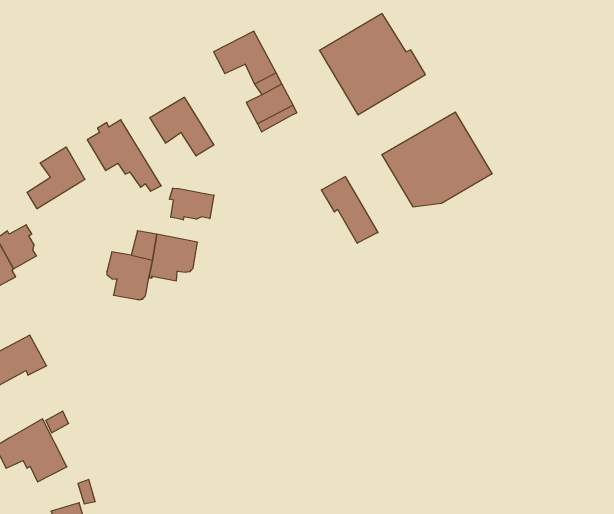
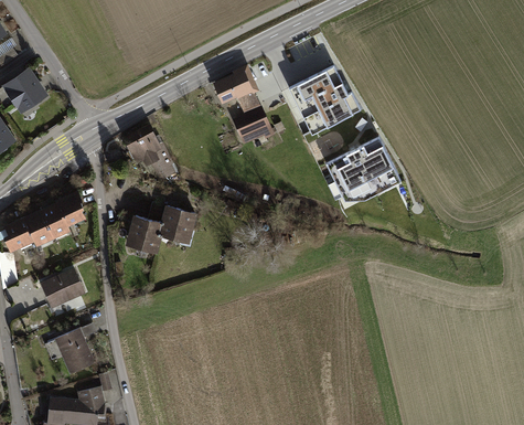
building: [150,97,214,156] -> none
building: [27,147,85,209] -> none
building: [321,177,378,243] -> none
building: [169,188,214,220] -> none

